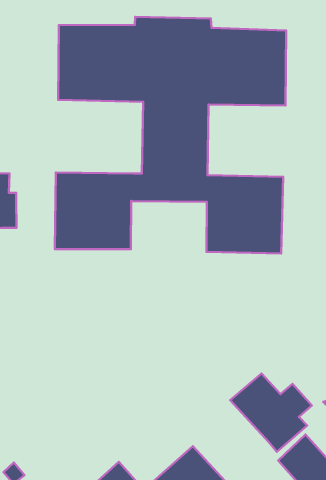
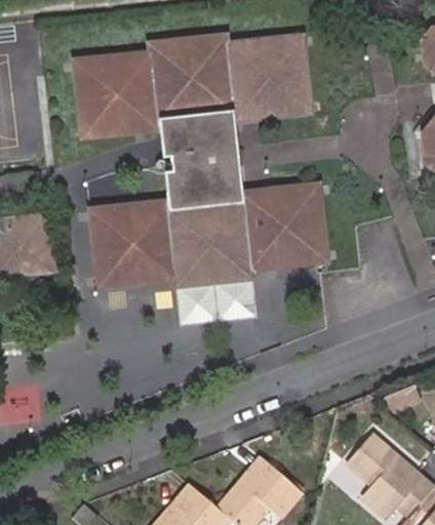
building: none -> [167,217,255,325]
building: [230,374,312,452] -> none

